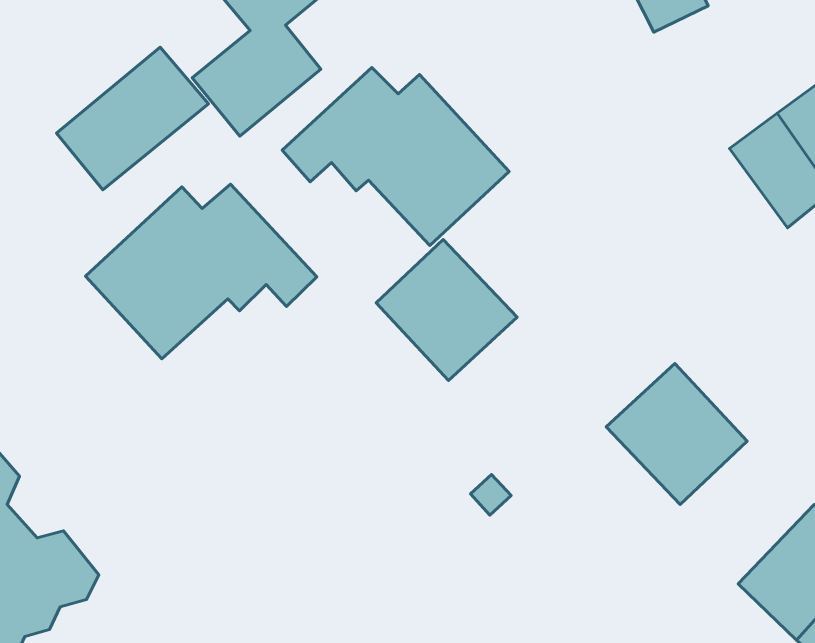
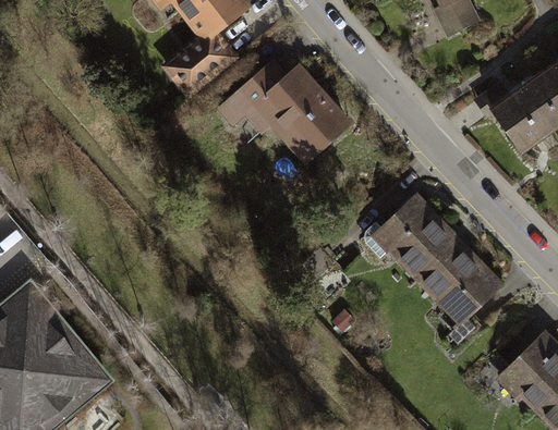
building: [56,47,208,190] -> none
building: [86,184,317,359] -> none
building: [376,239,517,380] -> [372,193,459,280]

